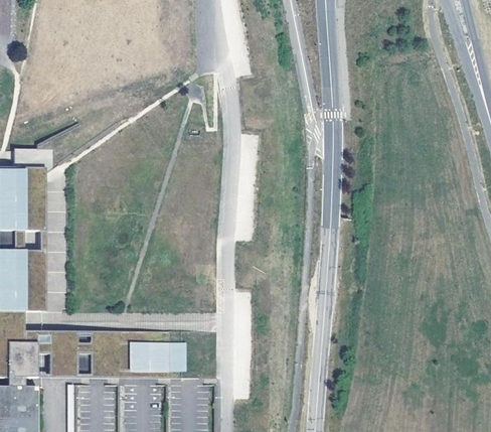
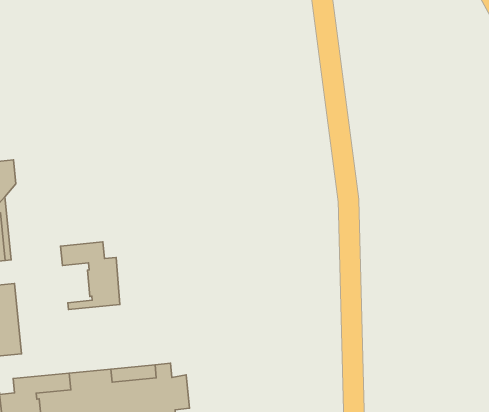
building: none -> [60,242,120,310]

